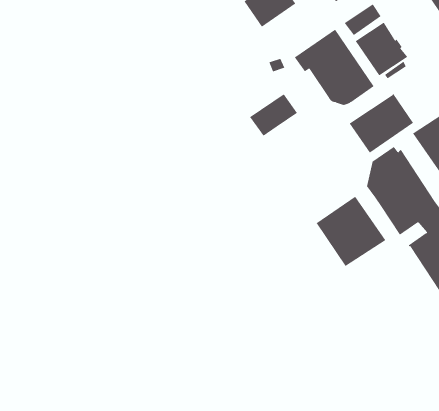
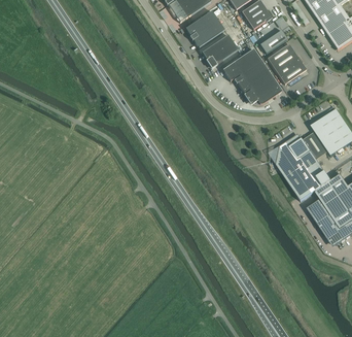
building: [349,93,414,154] -> none
building: [249,93,298,137] -> [201,34,237,66]
building: [316,196,386,267] -> none

